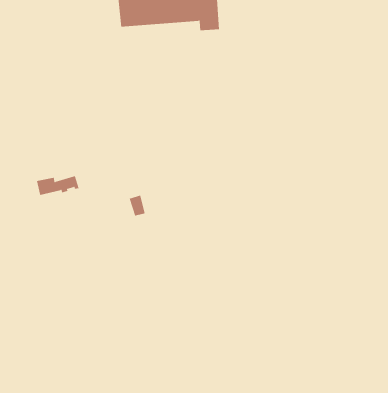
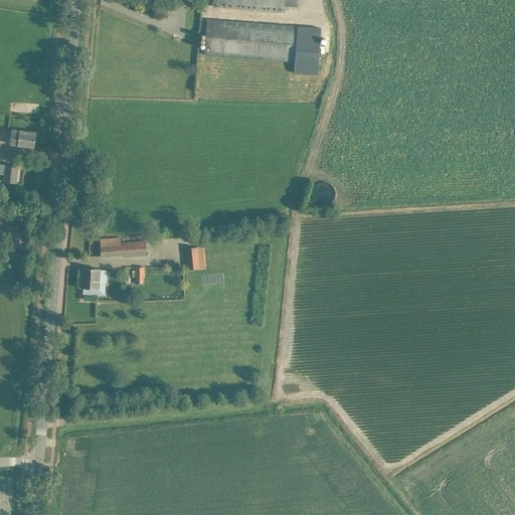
building: [36,176,79,196] -> [100,236,147,255]
building: none -> [81,267,107,293]

